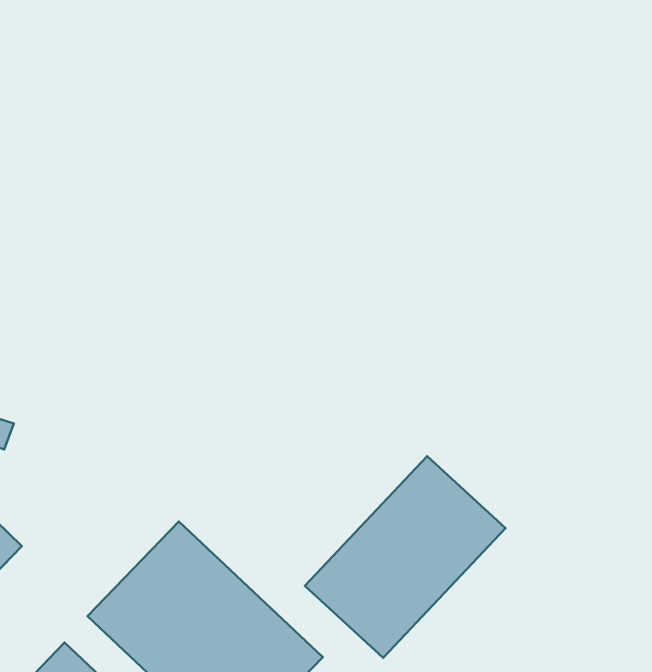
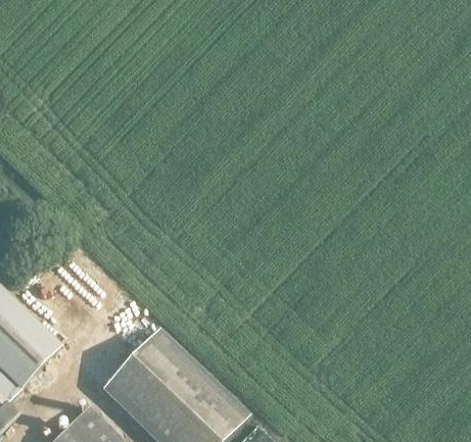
building: [305,456,505,658] -> none

